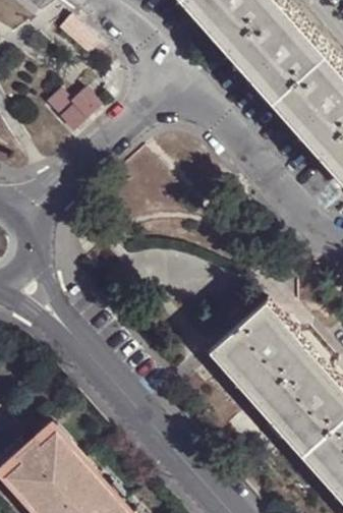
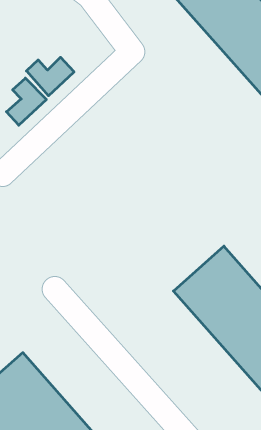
building: none -> [6,78,46,125]

